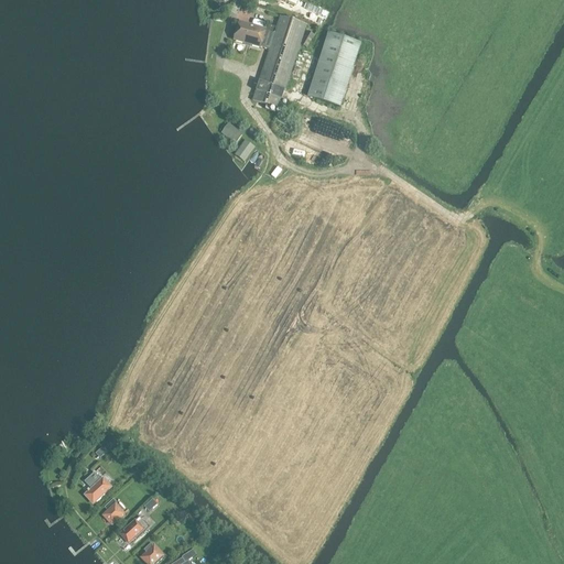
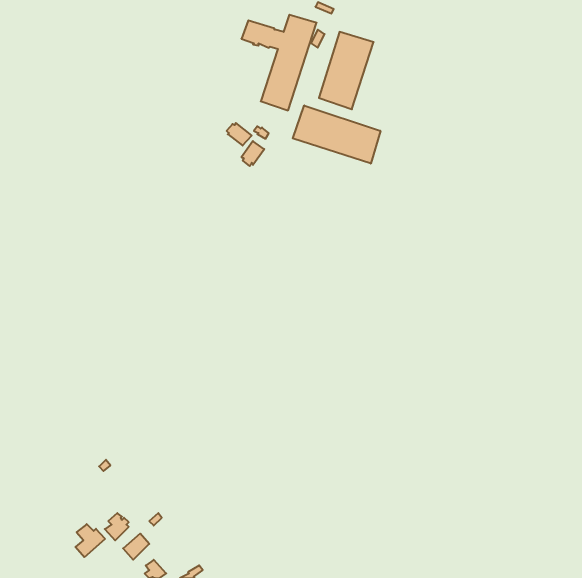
building: none -> [293,105,380,164]
building: [84,470,112,502] -> [75,524,105,557]

